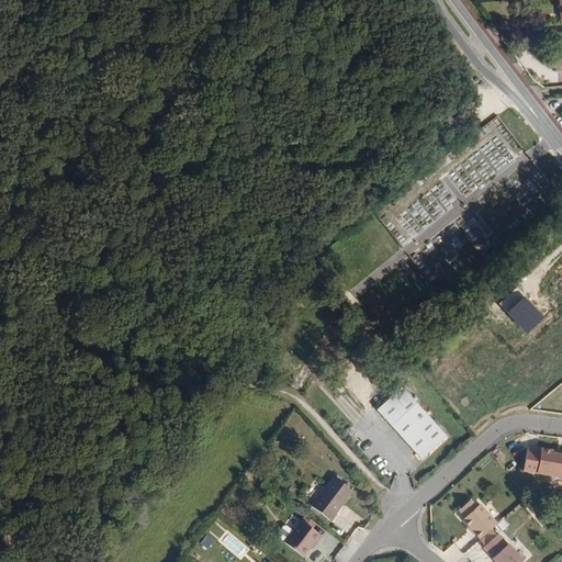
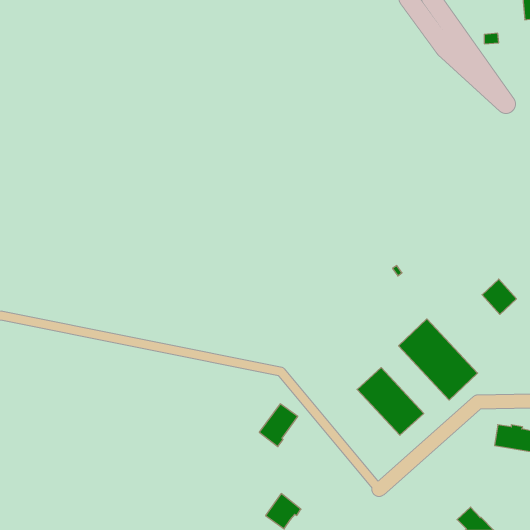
building: none -> [399,319,478,400]
building: [310,477,350,522] -> [259,404,298,447]
building: [459,499,498,540] -> none

